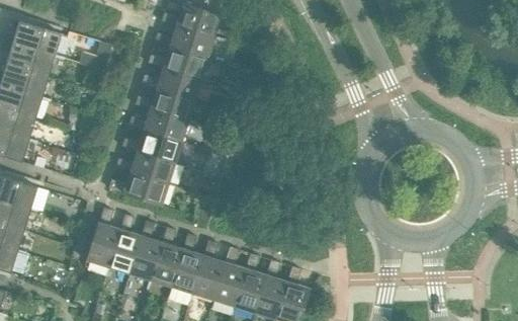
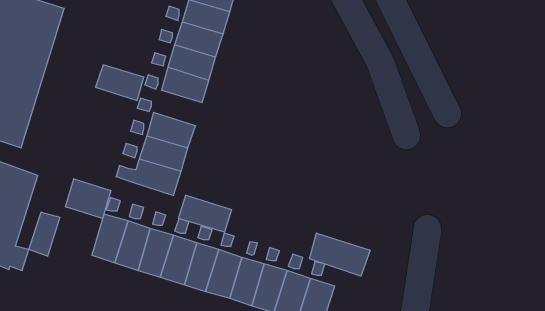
building: [143,108,187,141] -> [95,65,144,100]
building: none -> [66,179,111,219]
building: none -> [178,195,231,232]
building: none -> [29,212,60,256]
building: none -> [309,233,370,276]

